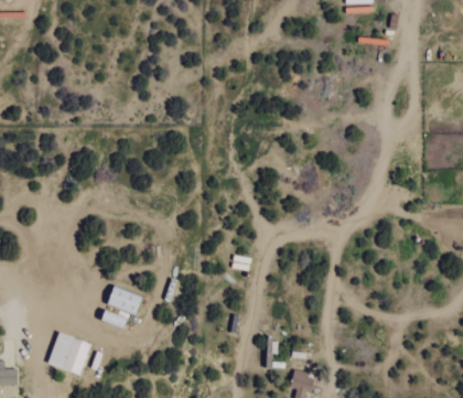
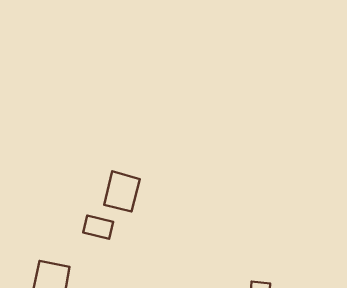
building: none -> [104,171,140,211]

